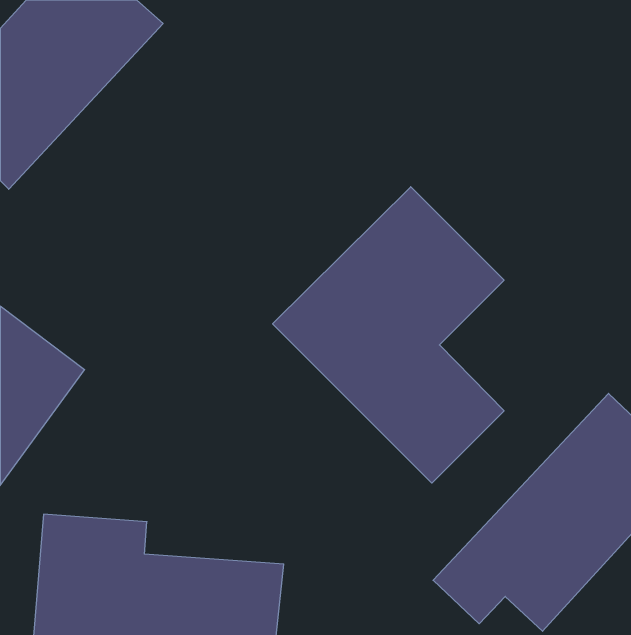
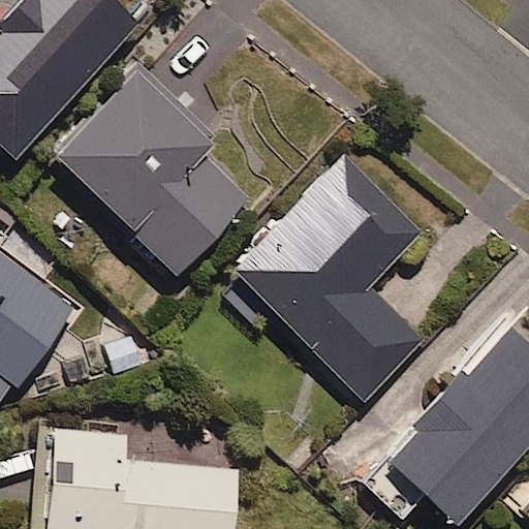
building: none -> [52,64,248,274]

